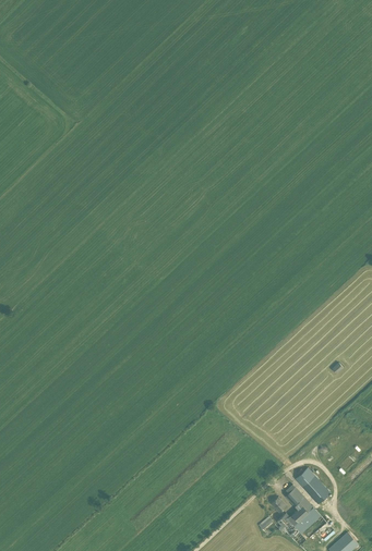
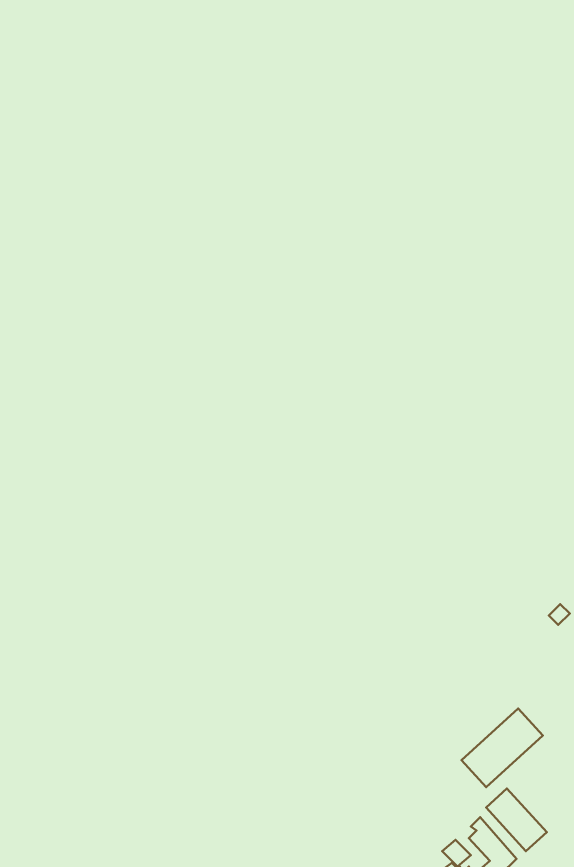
building: none -> [461,709,543,787]

